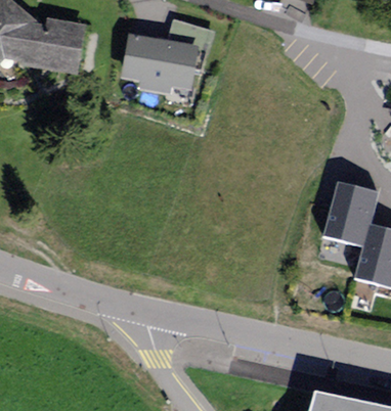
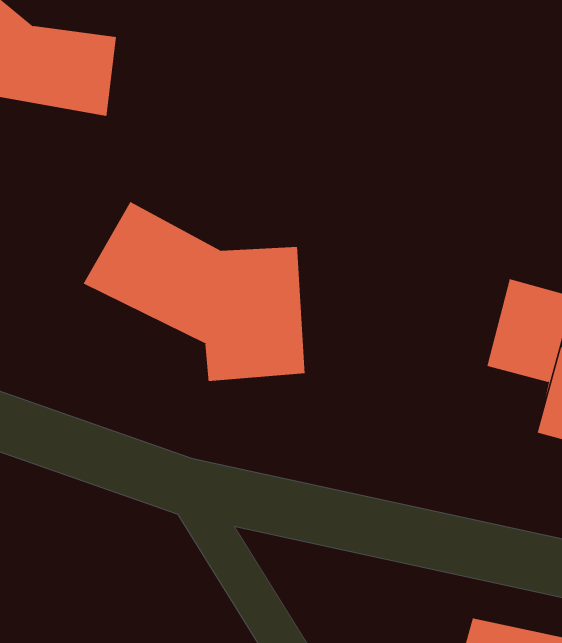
building: [126,19,212,87] -> none
building: none -> [83,201,305,382]

